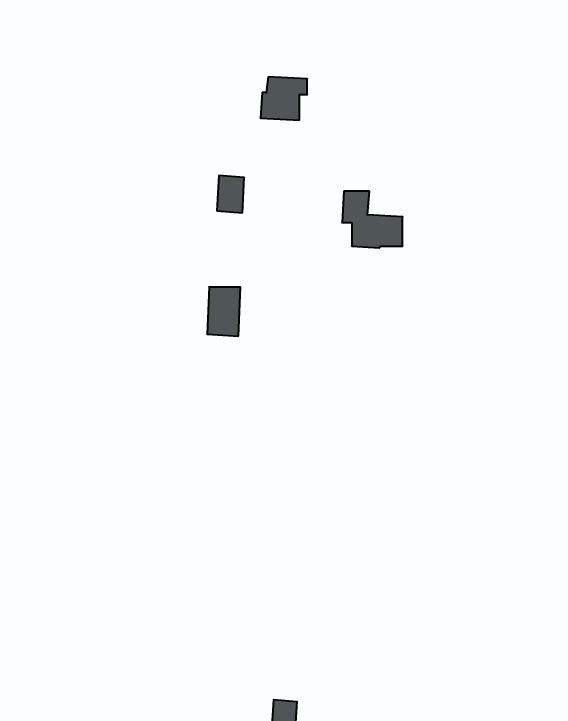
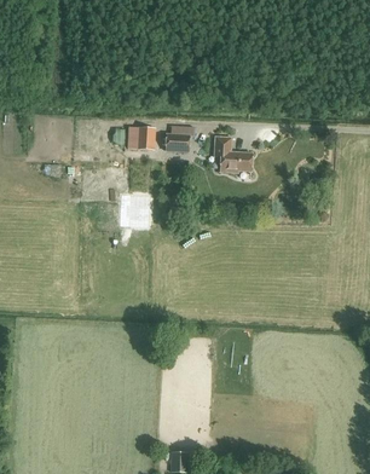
building: [260,77,307,120] -> [164,125,193,151]

